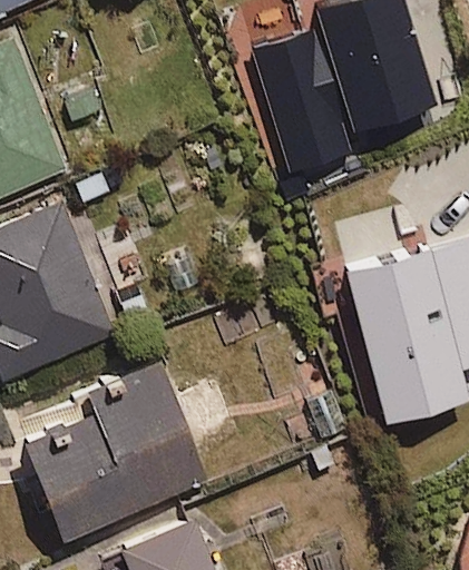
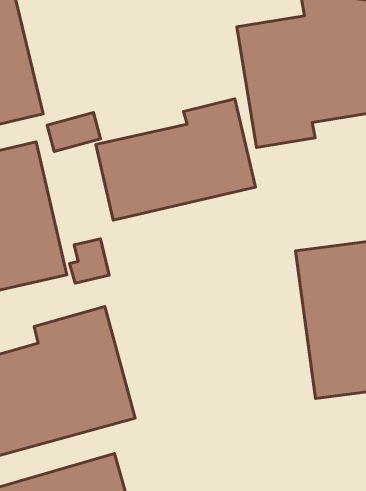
building: none -> [96,99,255,220]

